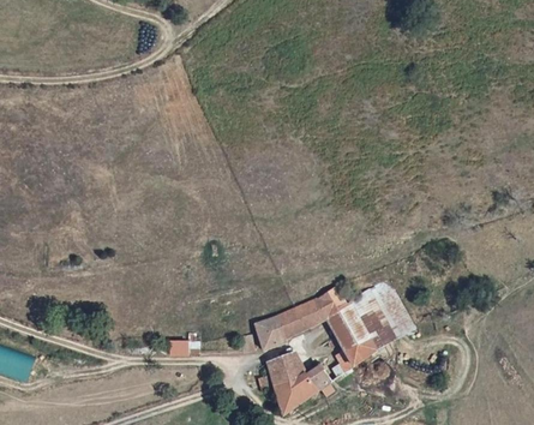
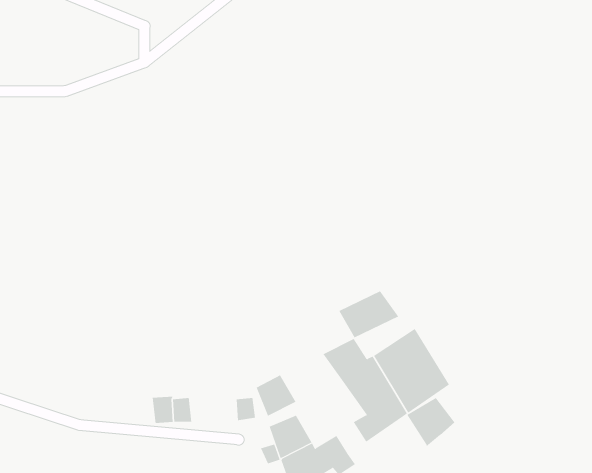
building: [274,300,324,340] -> [338,291,399,338]
building: none -> [406,397,455,447]

